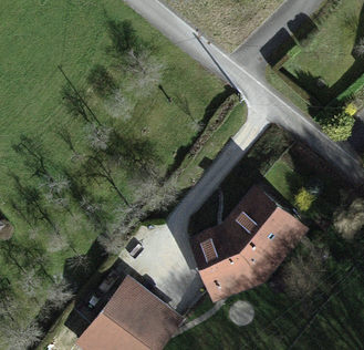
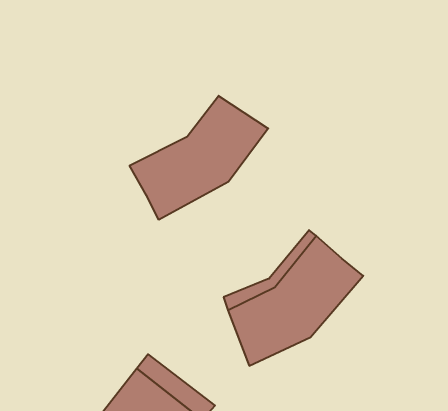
building: none -> [130,96,268,220]
building: [207,220,304,299] -> none

